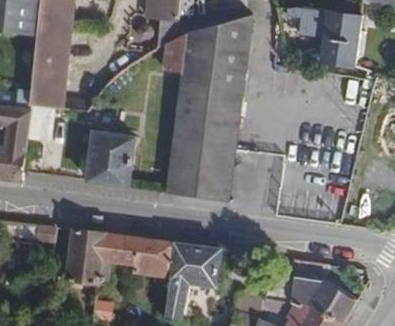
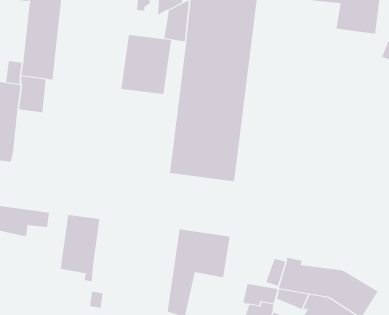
building: [87,132,134,187] -> [121,34,172,94]
building: [97,234,175,281] -> none

